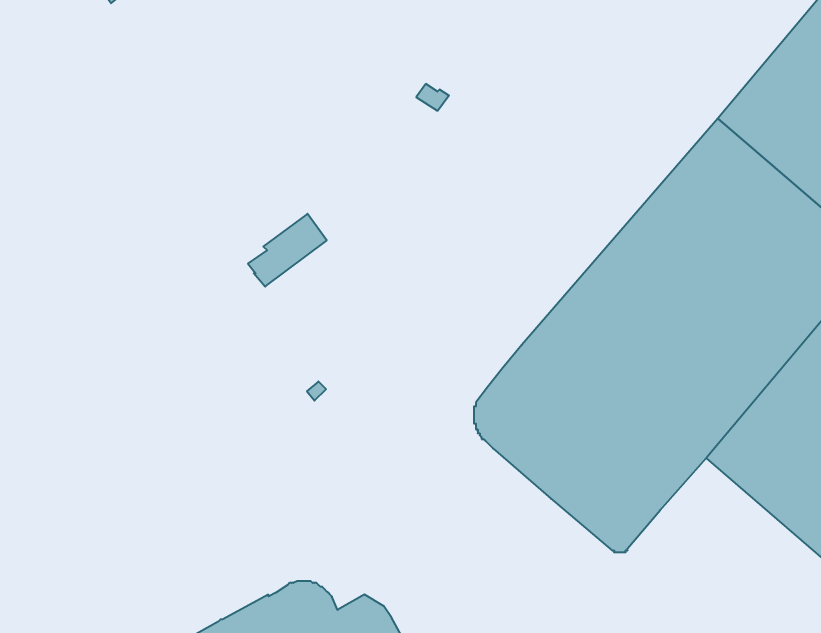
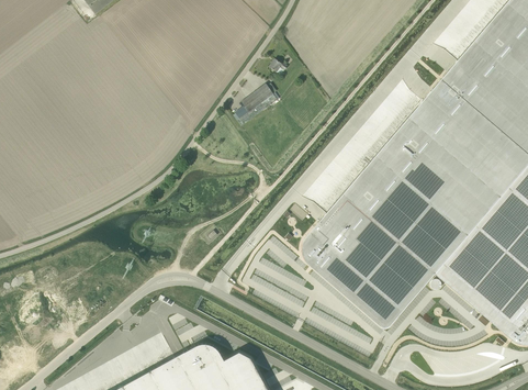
building: [248,214,327,287] -> [232,83,277,125]

